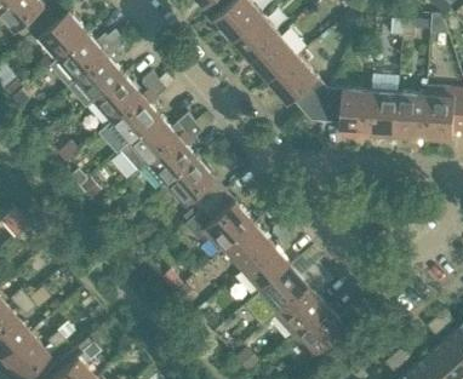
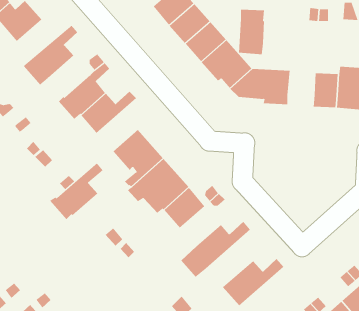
building: [50,31,122,87] -> none
building: [96,75,143,122] -> none
building: [368,81,399,133] -> [238,9,265,55]
building: [142,124,204,189] -> [49,163,103,220]
building: [245,246,292,292] -> none
building: [275,272,333,338] -> none

